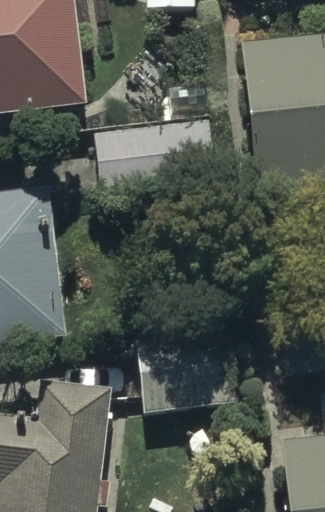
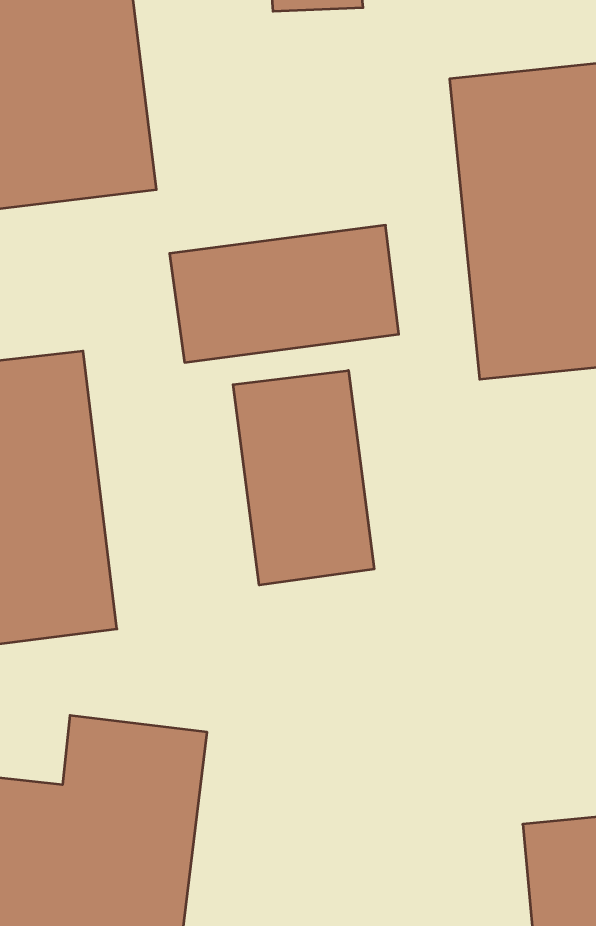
building: none -> [233,370,374,585]
building: [133,331,235,415] -> none

